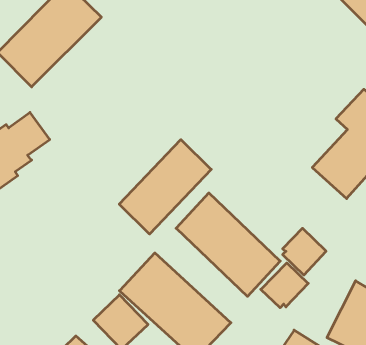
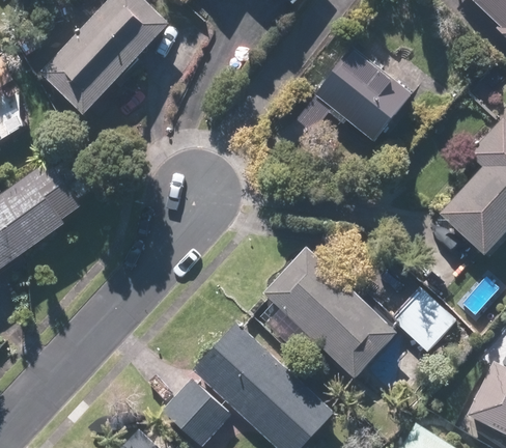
building: none -> [313,48,410,141]
building: [119,140,211,234] -> none
building: [261,263,308,308] -> none

